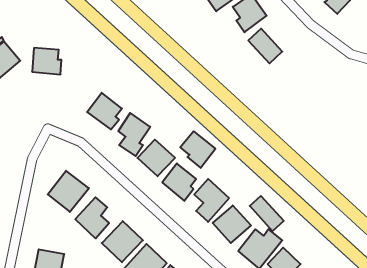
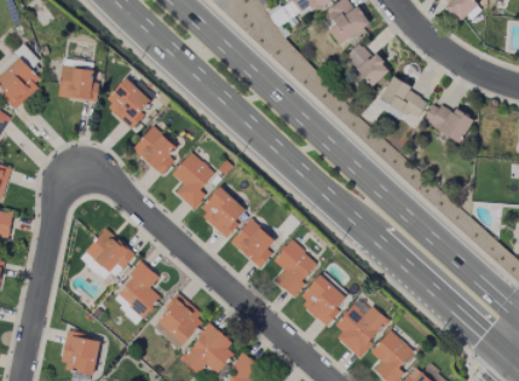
building: none -> [104,77,154,128]
building: none -> [376,79,429,120]
building: none -> [423,103,475,144]
building: [180,131,215,168] -> none
building: [250,196,284,231] -> none

